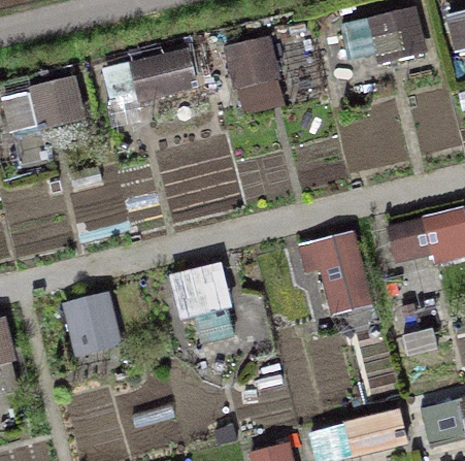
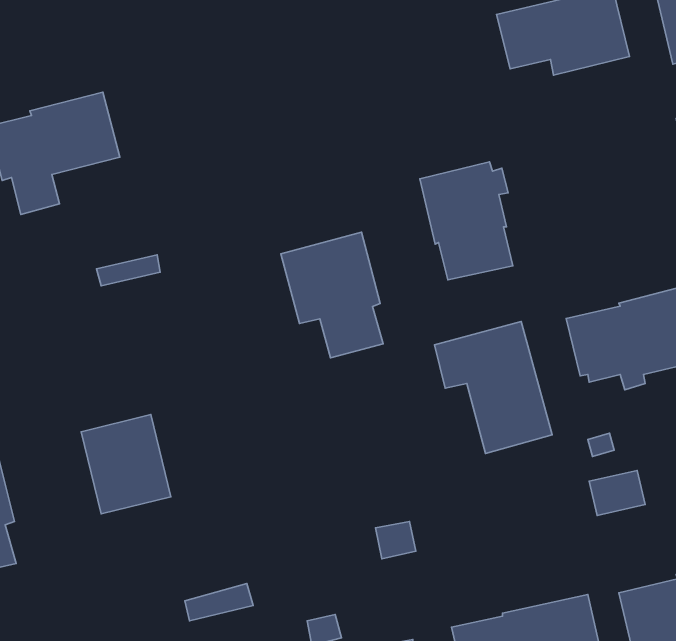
building: [223,35,285,113] -> [420,162,513,280]
building: [98,46,197,108] -> none
building: [167,261,235,344] -> [281,232,383,358]

